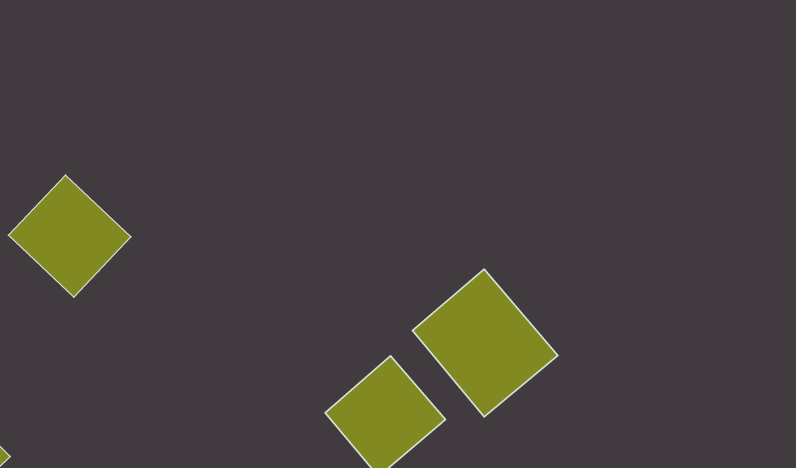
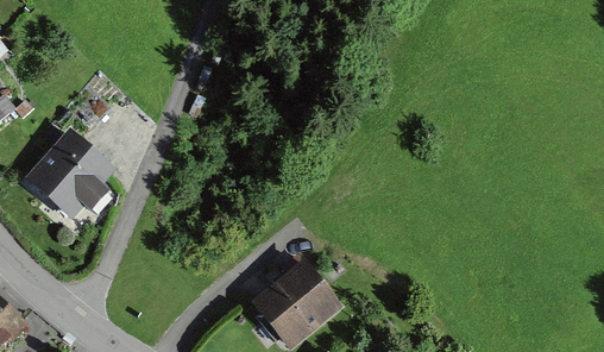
building: [413,269,558,417] -> none

